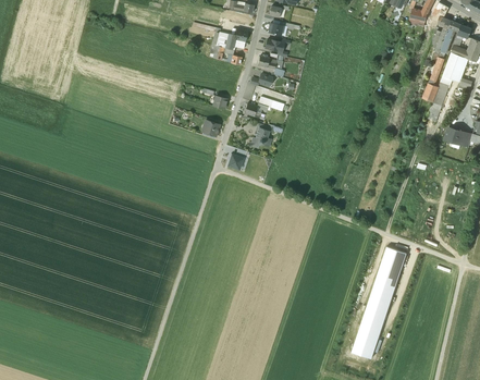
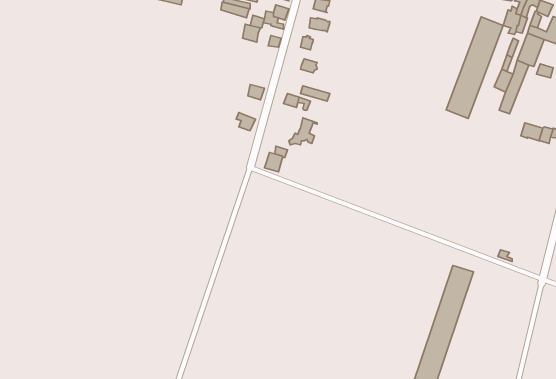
building: none -> [446,17,503,119]

